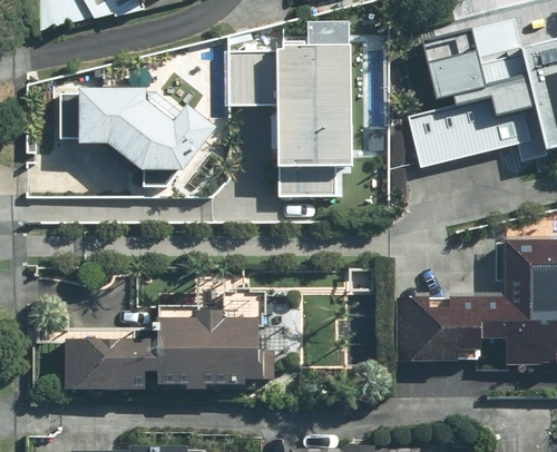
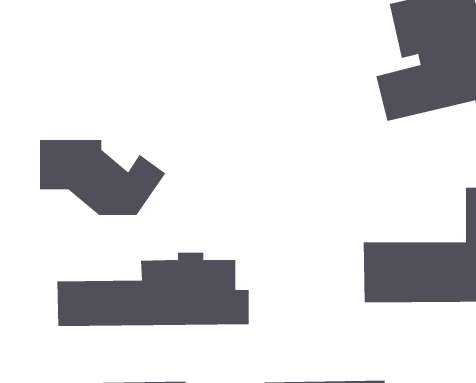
building: [228,42,353,198] -> none
building: [79,88,216,170] -> [39,139,166,216]

